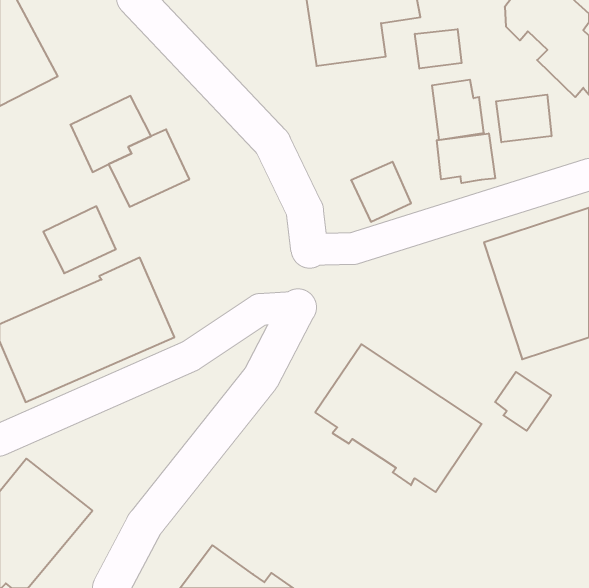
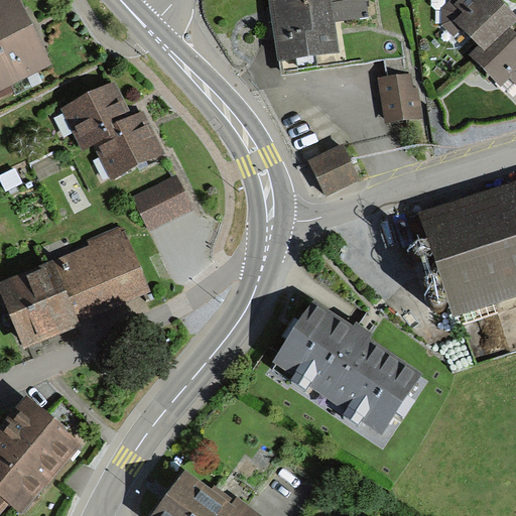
building: [415,29,462,69] -> none
building: [496,95,551,142] -> none
building: [437,133,495,183] -> none
building: [43,206,116,273] -> [130,173,194,232]
building: [495,372,551,431] -> none

